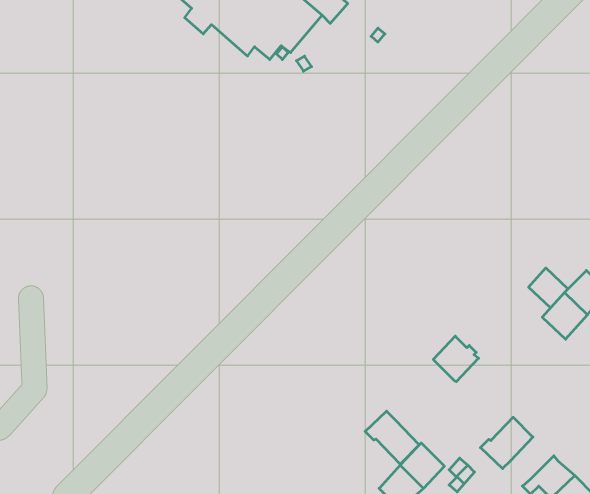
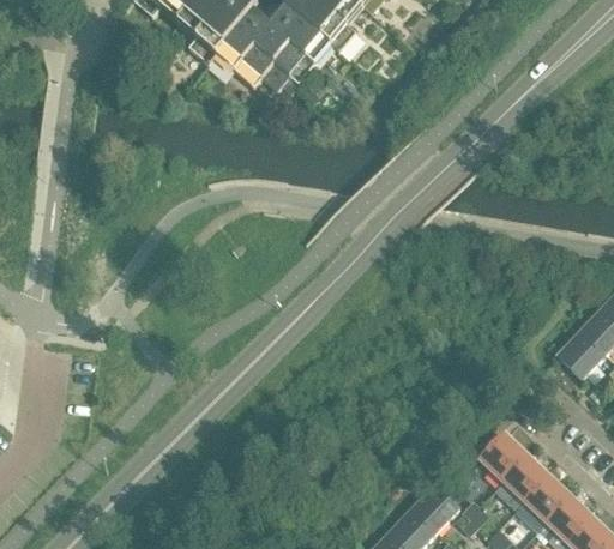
building: [529,268,568,308] -> none
building: [433,336,479,382] -> [482,433,529,479]
building: [365,411,419,464] -> none
building: none -> [518,476,571,526]

